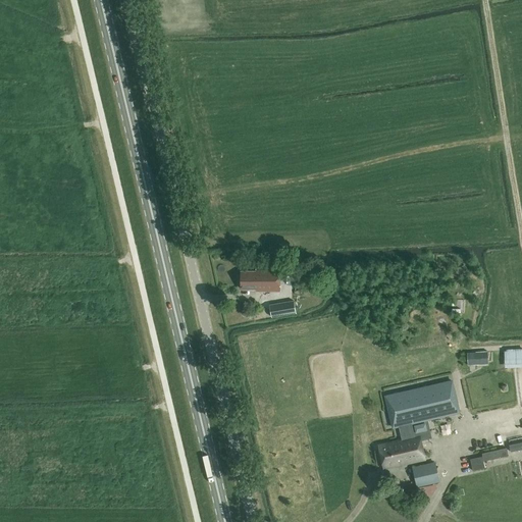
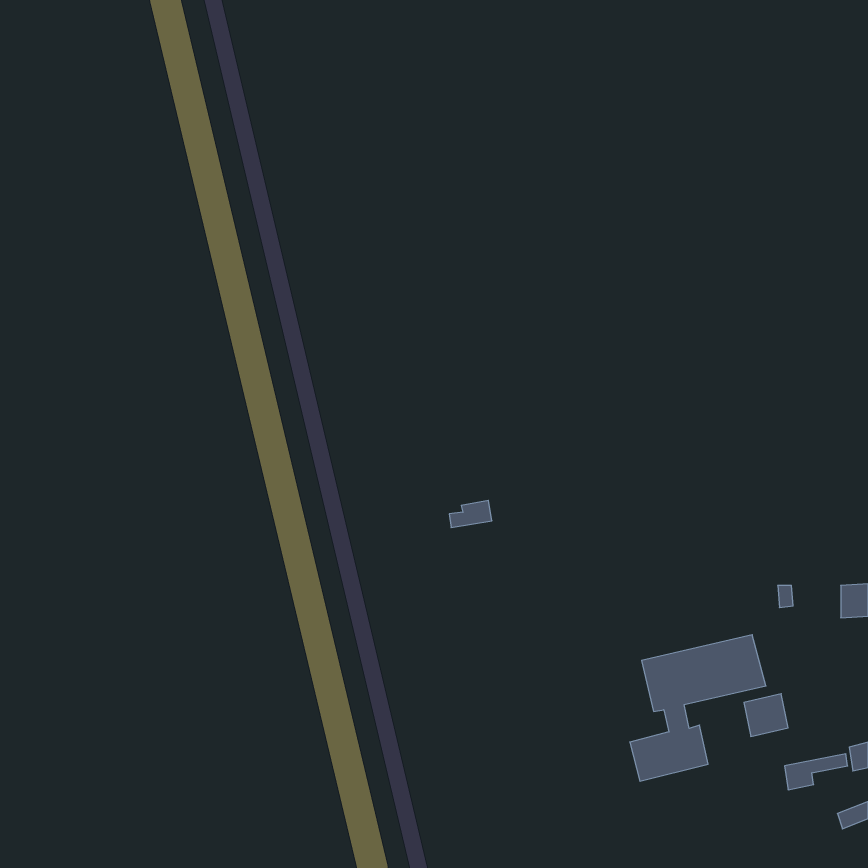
building: [240,268,279,290] -> none
building: [412,461,438,486] -> [744,694,788,736]

